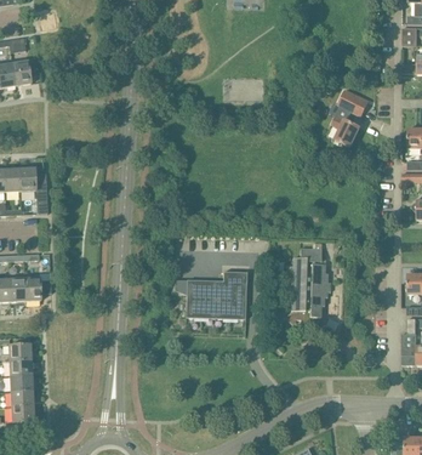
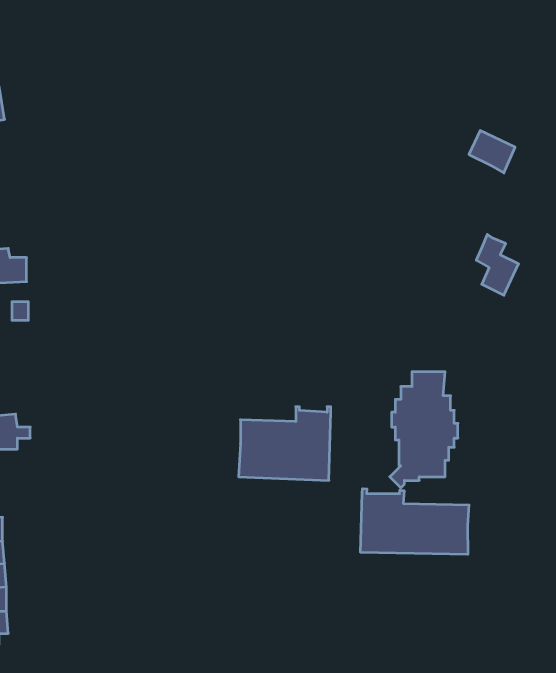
building: [332,106,360,146] -> [476,234,519,295]
building: none -> [361,489,469,554]

